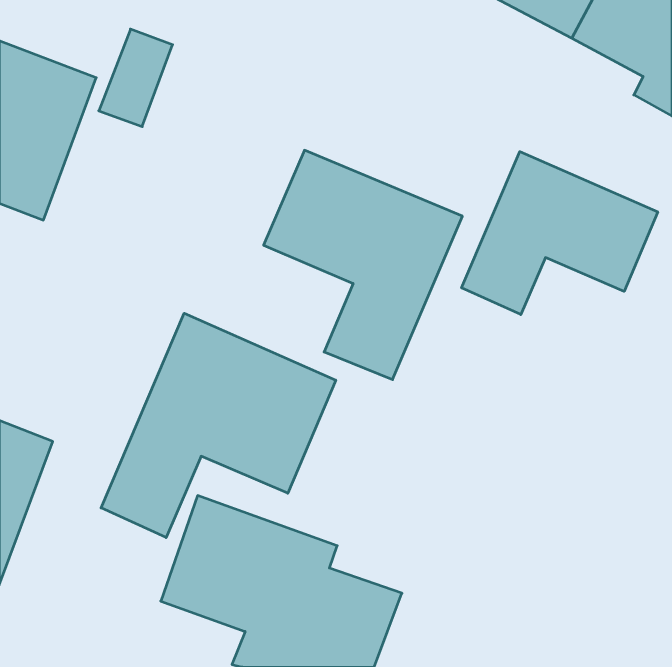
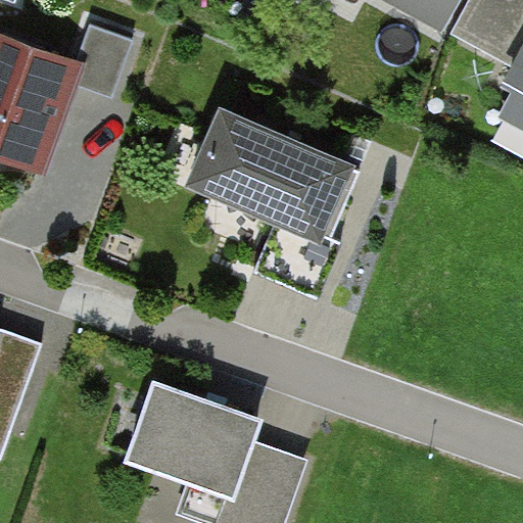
building: [462,152,658,315] -> none
building: [101,313,336,538] -> none

